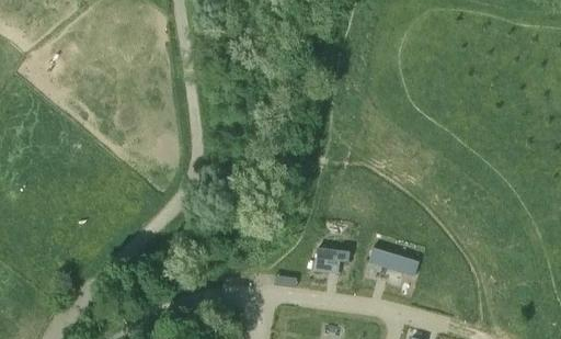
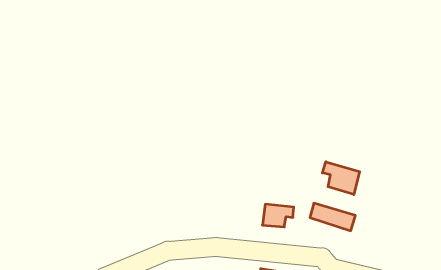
building: none -> [322,162,360,195]

